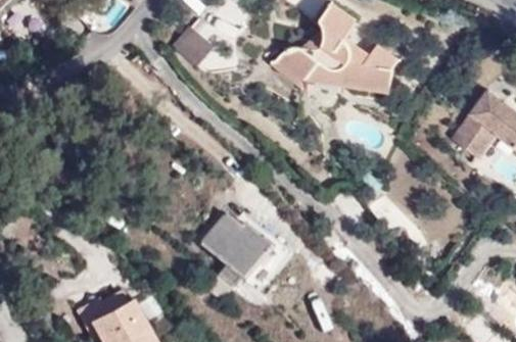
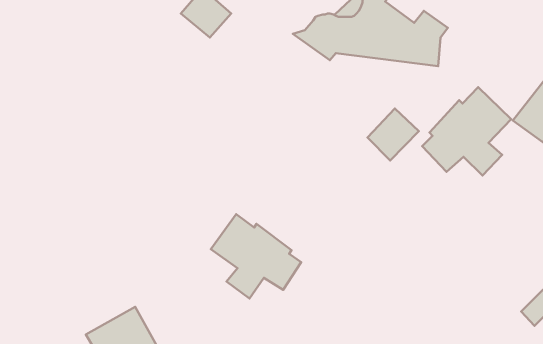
building: none -> [422,87,511,176]
building: none -> [368,108,419,161]

